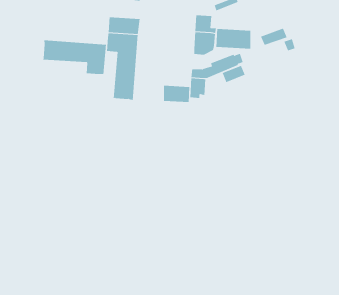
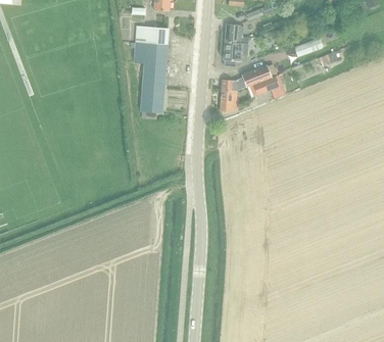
building: [216,28,251,50] -> none
building: [43,40,107,75] -> none
building: [163,85,190,103] -> none

